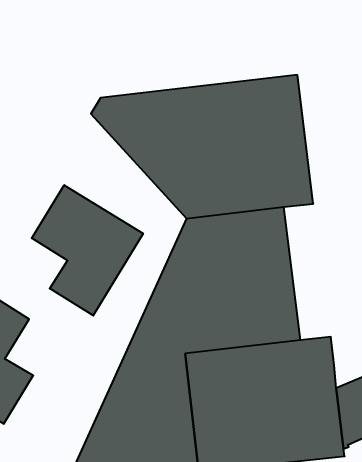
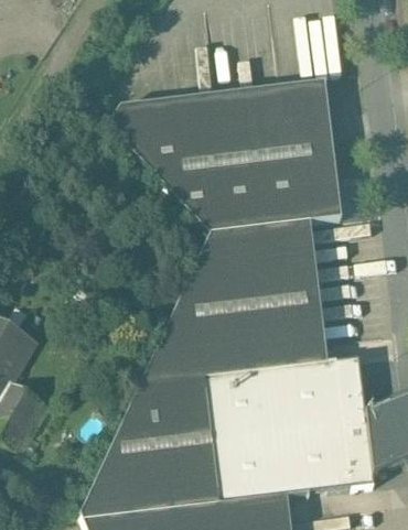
building: [32,185,143,316] -> none

